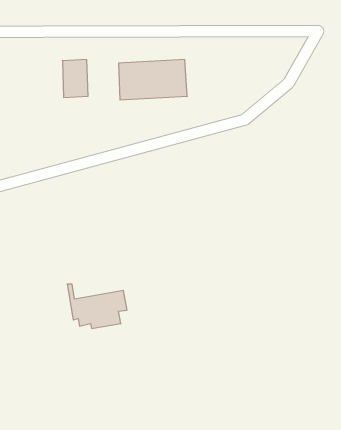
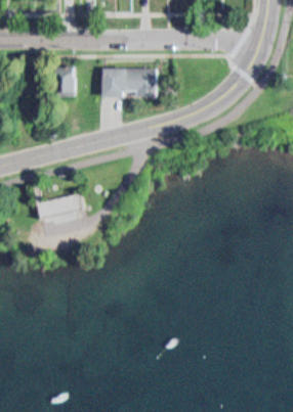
building: [67,284,127,328] -> [38,186,88,223]

